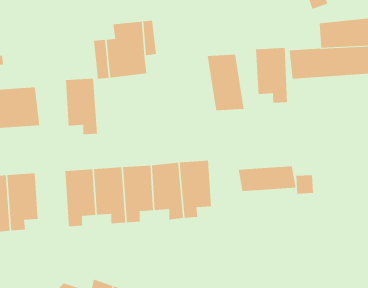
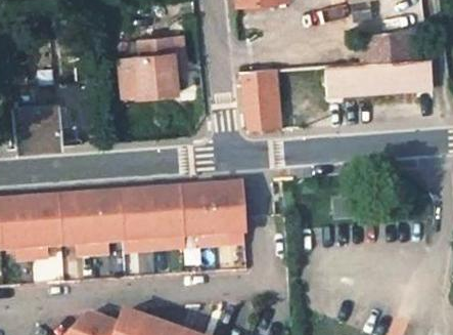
building: [255,47,287,104] -> none
building: [65,78,98,135] -> [57,195,92,255]
building: [238,166,296,192] -> none

